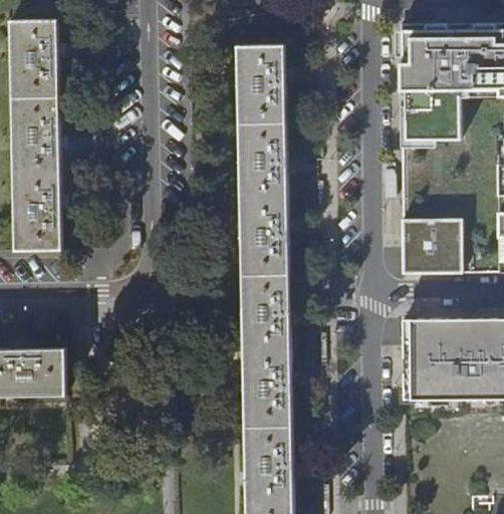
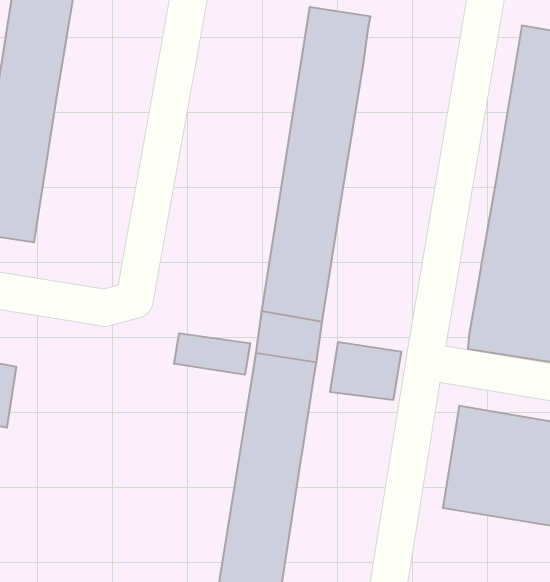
building: none -> [330,342,401,400]
building: none -> [174,333,250,375]

